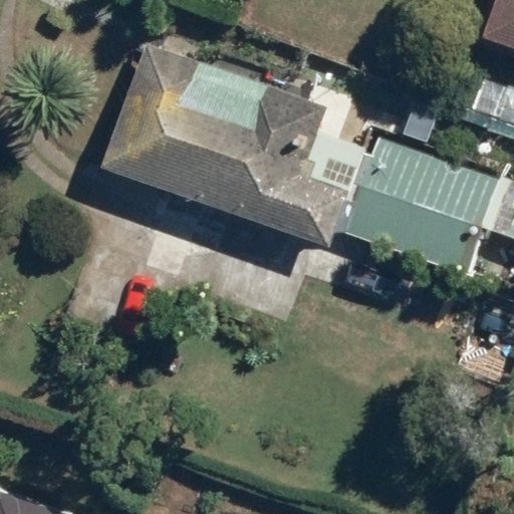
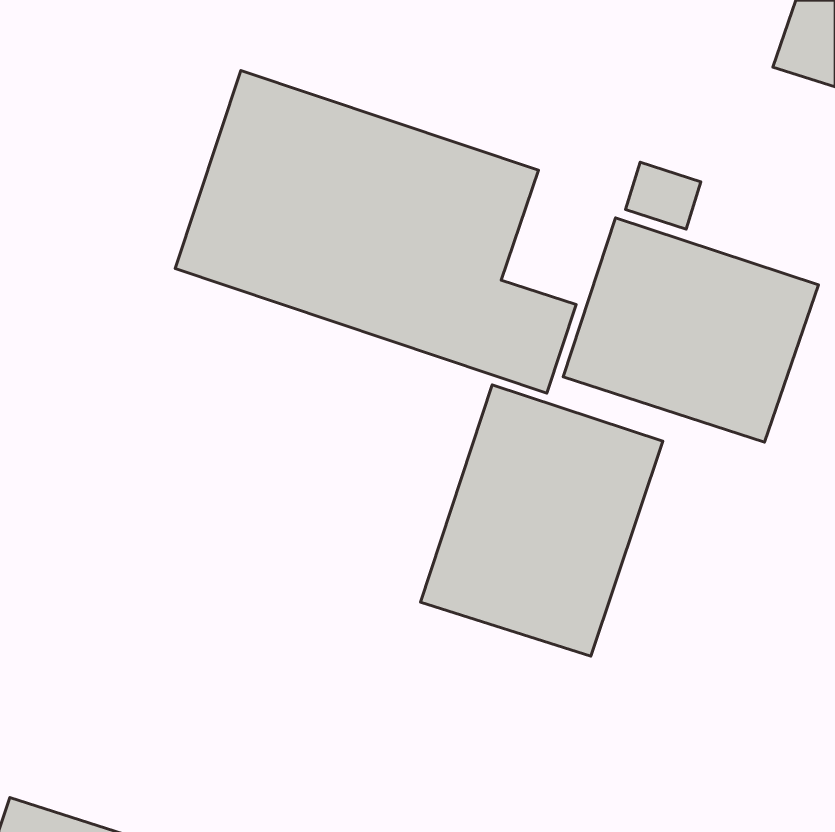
building: none -> [421,385,663,656]

